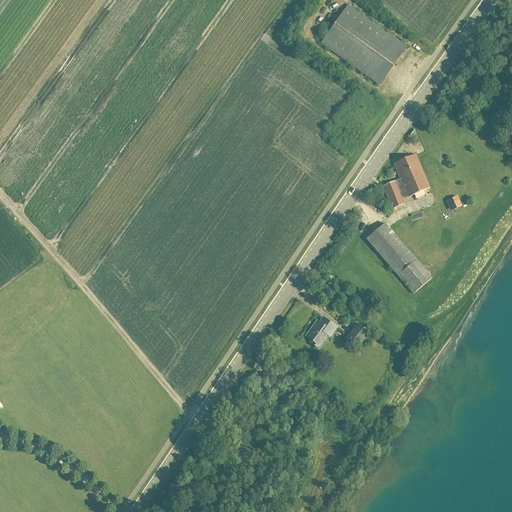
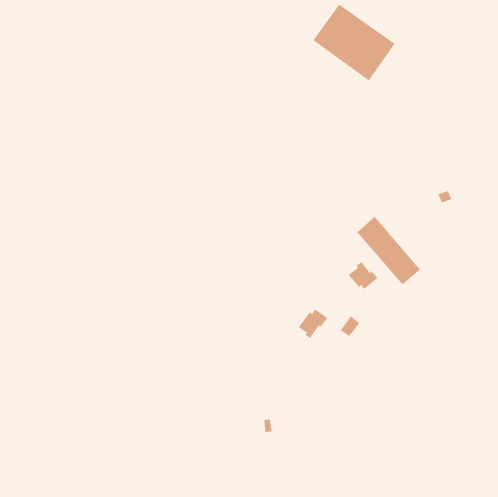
building: [383,153,428,207] -> none
building: none -> [348,261,378,290]

